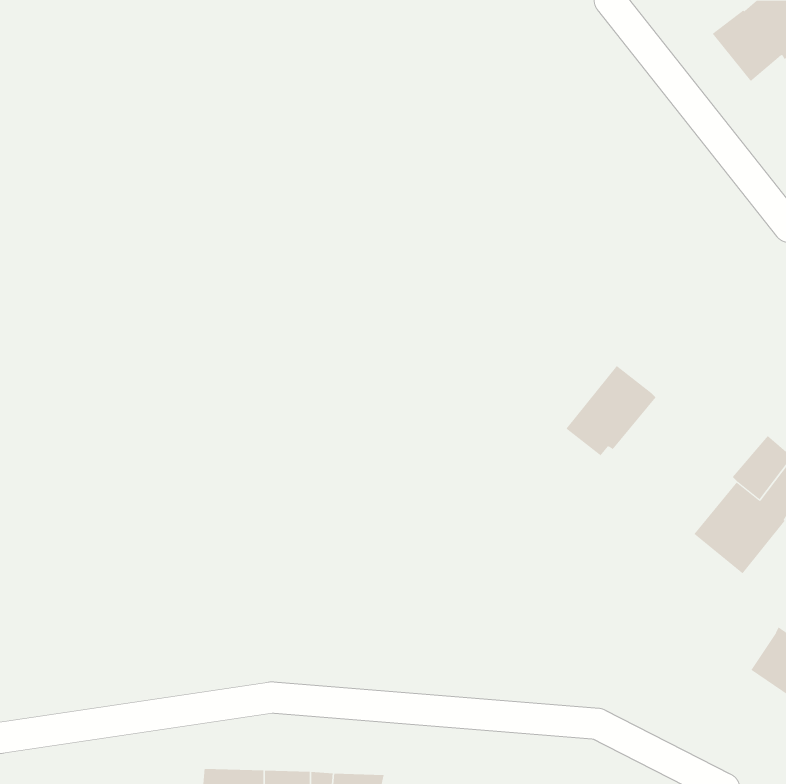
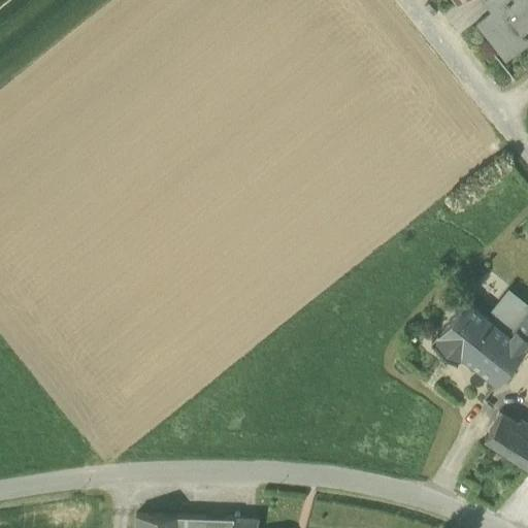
building: [565,365,657,456] -> [433,303,494,364]
building: none -> [487,416,520,451]

